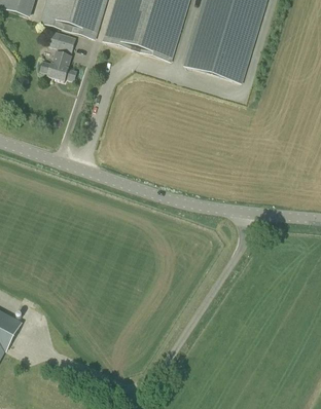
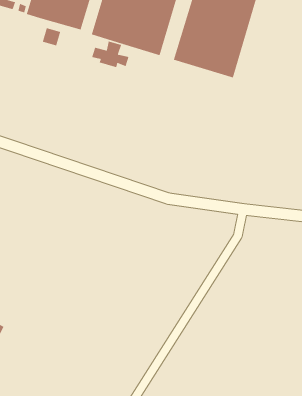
building: [40,54,77,81] -> [91,40,130,68]

